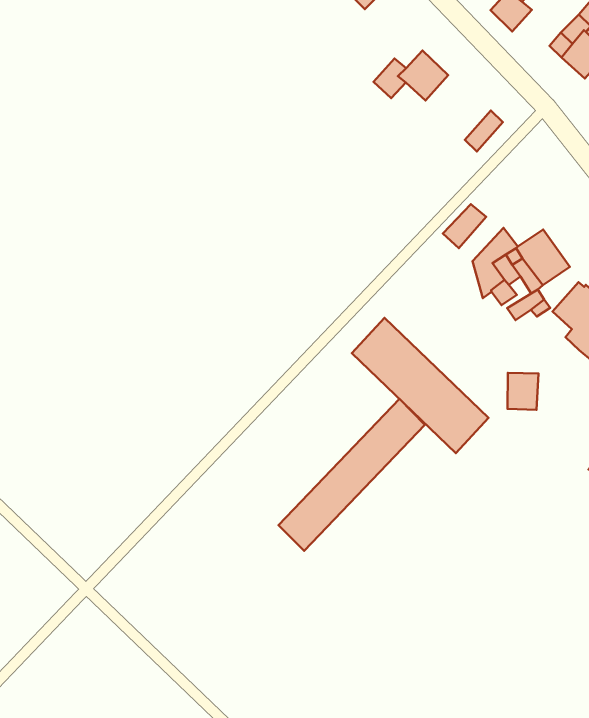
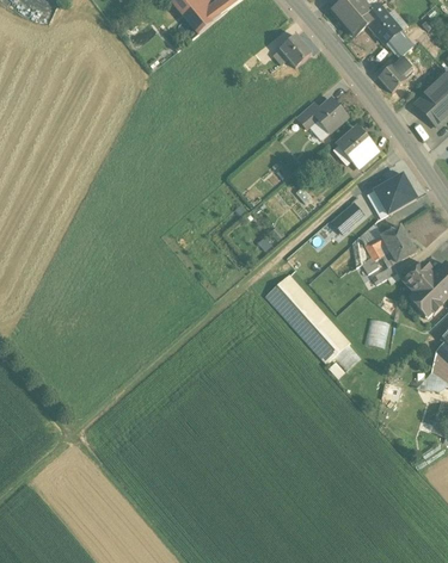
building: none -> [338,126,373,160]
building: none -> [374,171,417,212]
building: [278,399,425,551] -> none

